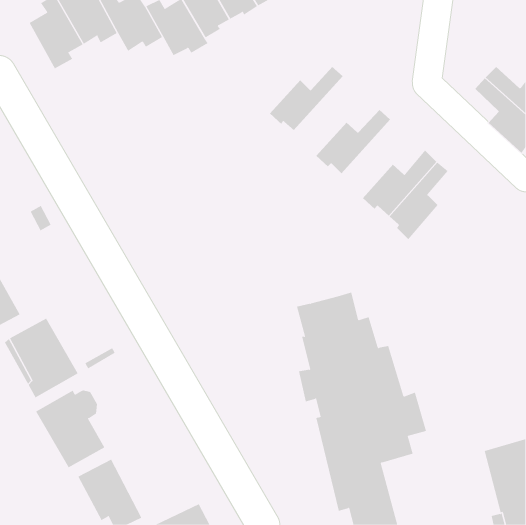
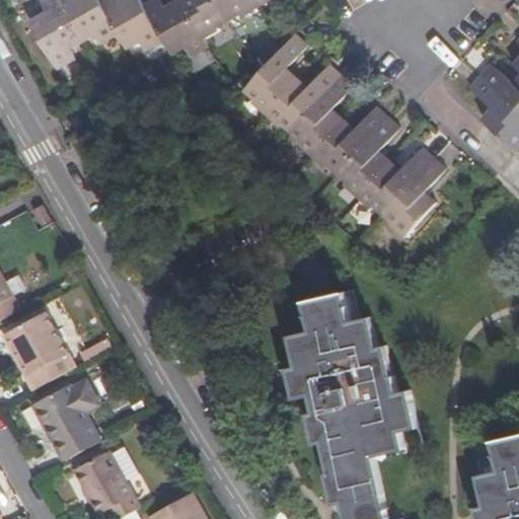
building: none -> [243,34,304,112]
building: none -> [289,75,349,153]
building: none -> [336,118,395,195]

